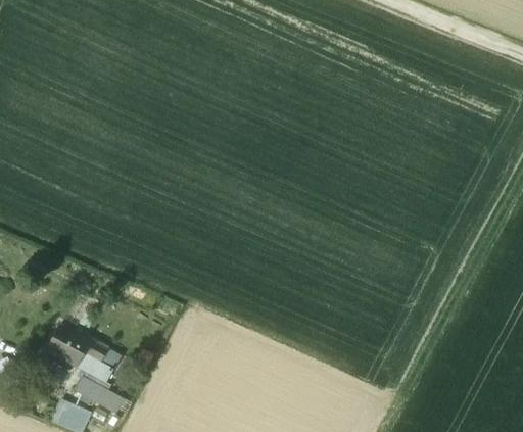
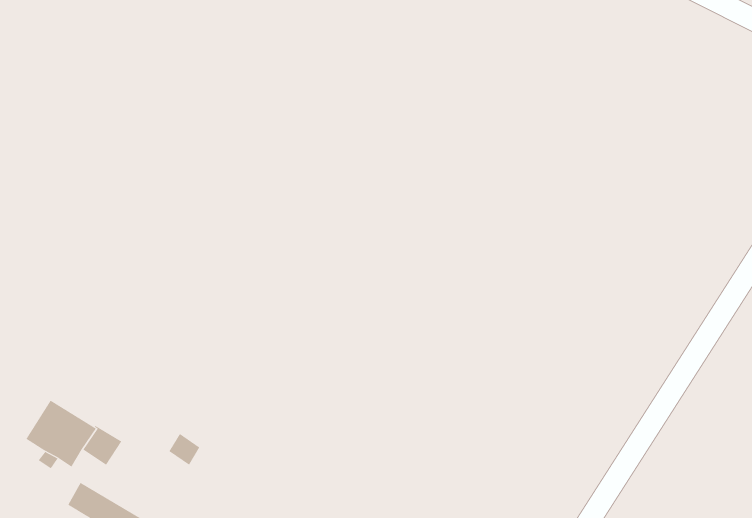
building: [70,345,111,379] -> none

